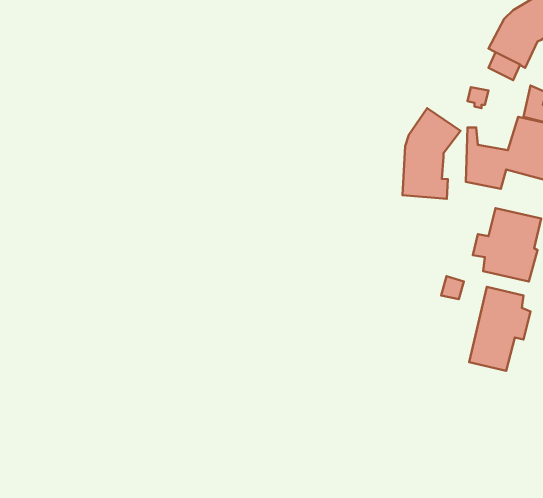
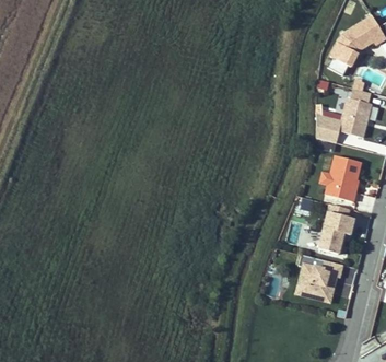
building: [402,108,460,199] -> none
building: none -> [294,254,344,304]

